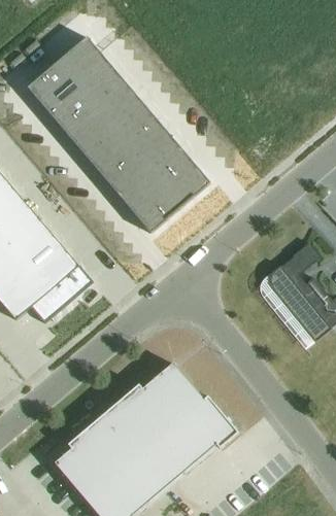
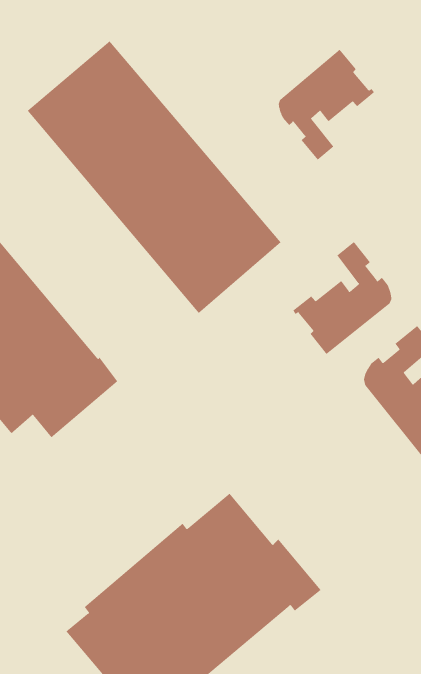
building: none -> [278,49,375,161]
building: none -> [292,241,392,355]

